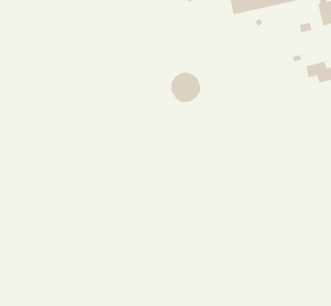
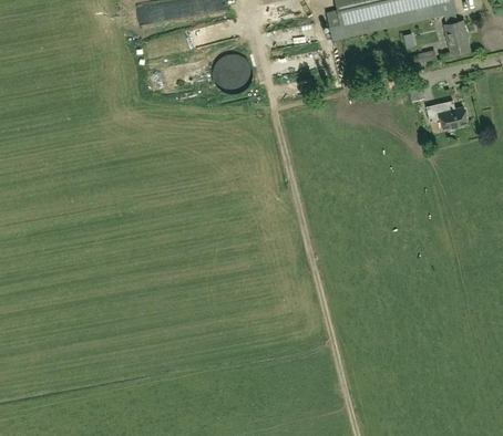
building: [170,72,201,102] -> [212,54,252,94]

